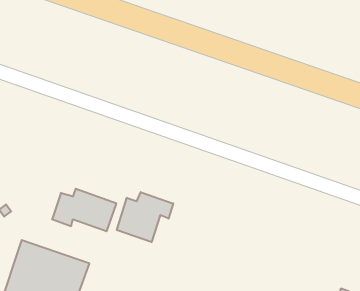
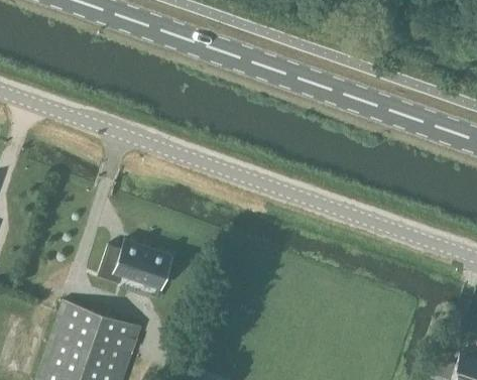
building: [117,192,173,242] -> none

